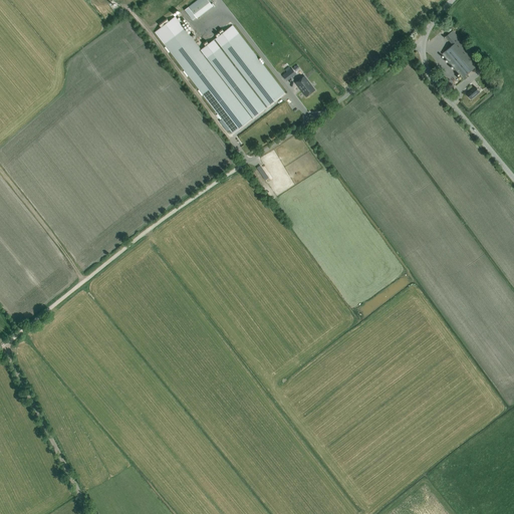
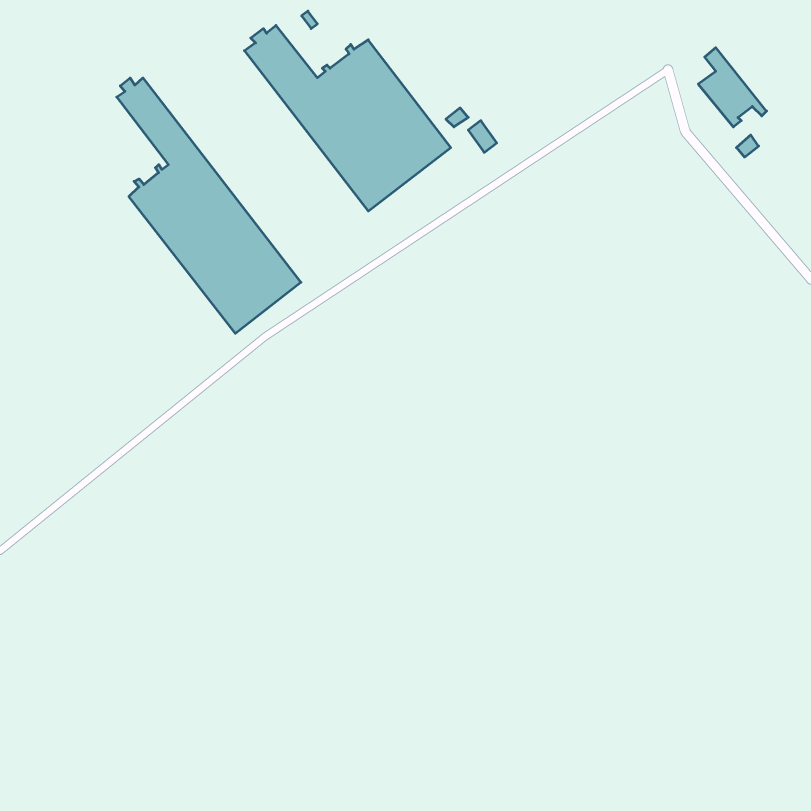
building: none -> [117,78,301,333]

